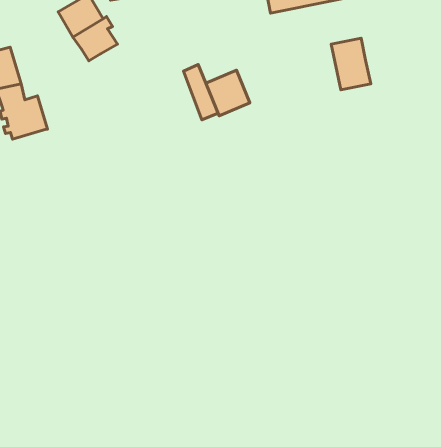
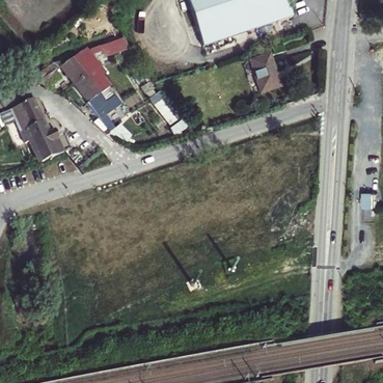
building: none -> [87,84,121,130]
building: [206,70,250,116] -> none

